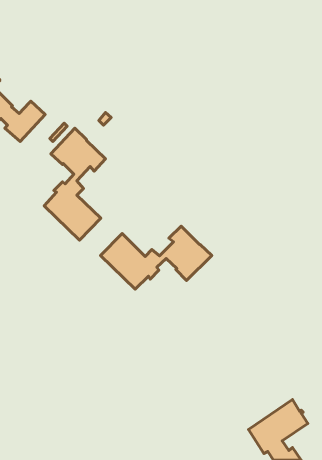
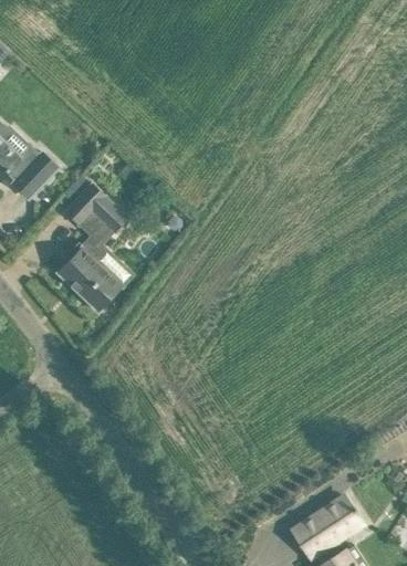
building: [100,226,212,289] -> none

